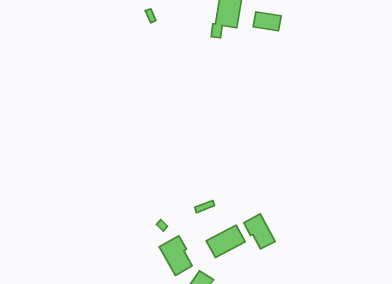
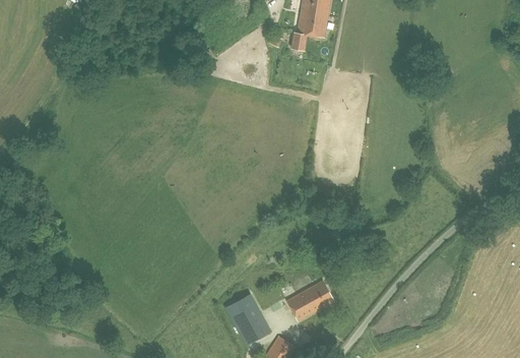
building: [253,12,281,31] -> none
building: [244,214,275,249] -> none

